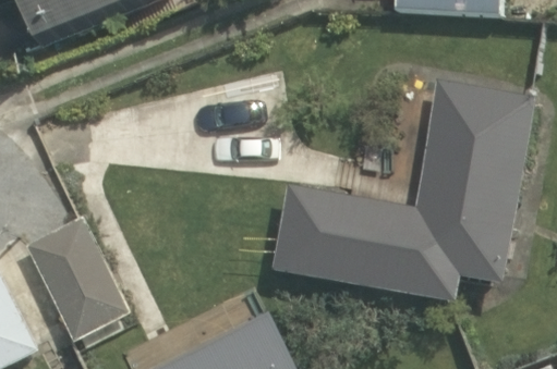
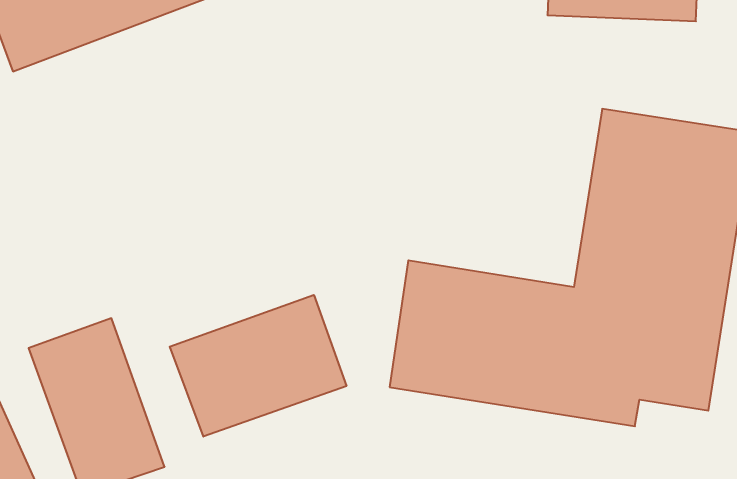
building: none -> [170,295,346,437]

